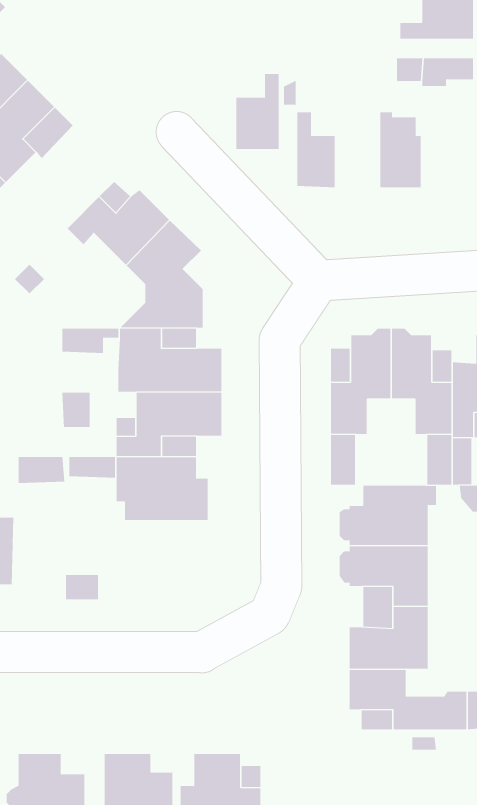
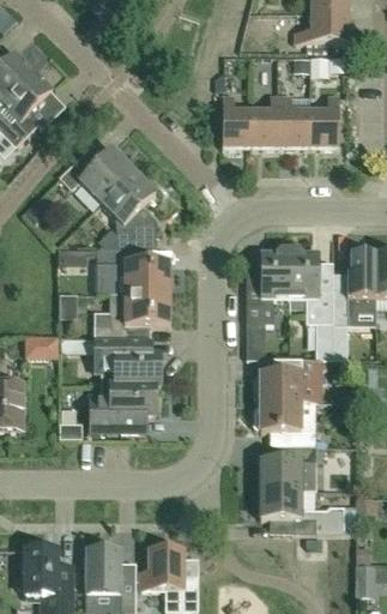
building: [236,74,280,150] -> [250,94,282,148]
building: none -> [312,94,339,148]
building: none -> [90,384,161,434]

